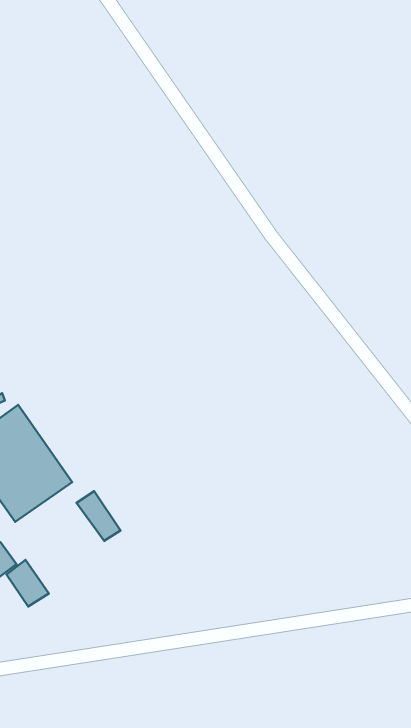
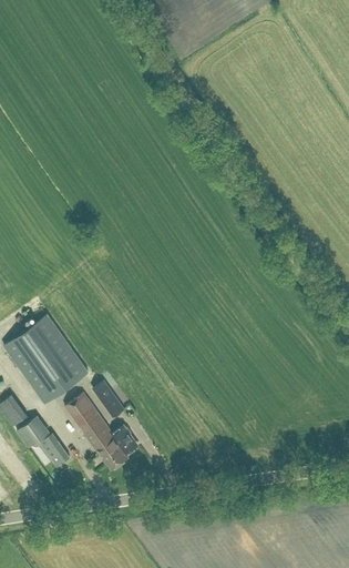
building: none -> [65,392,137,469]

